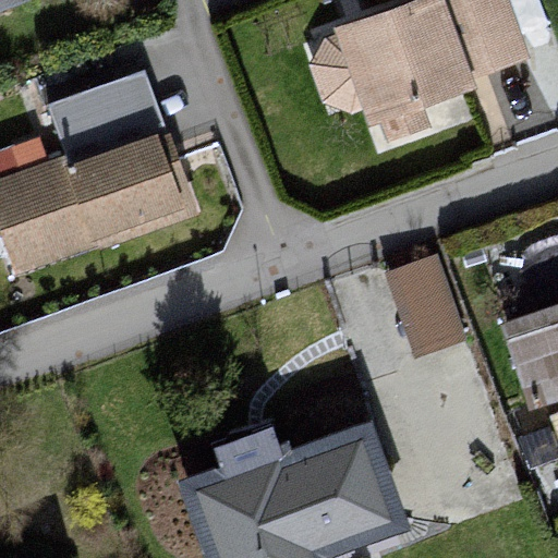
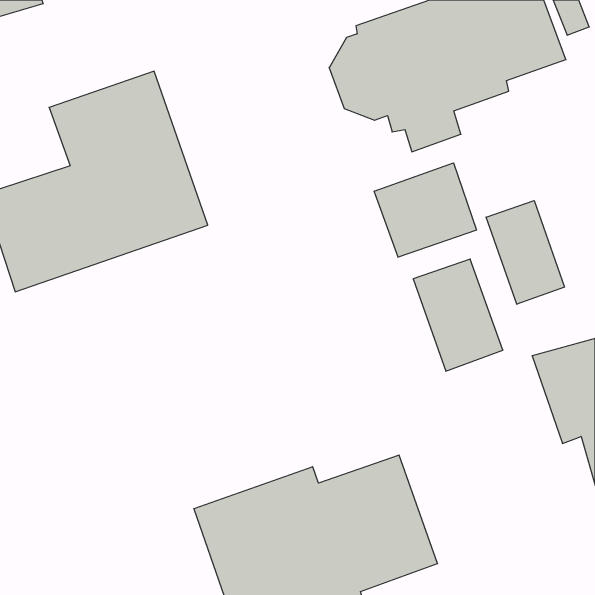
building: none -> [374,163,477,257]
building: none -> [486,201,564,304]

